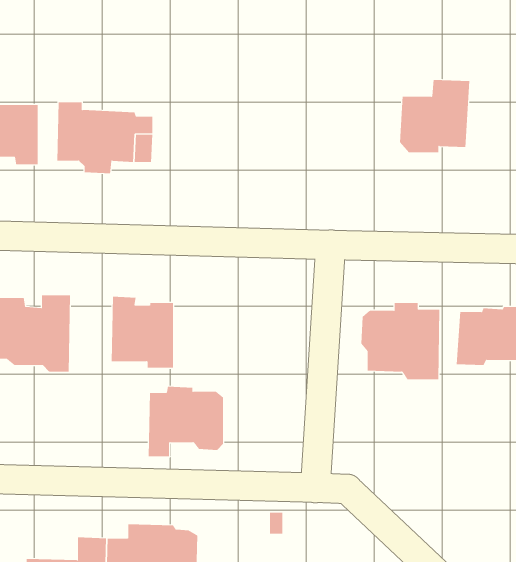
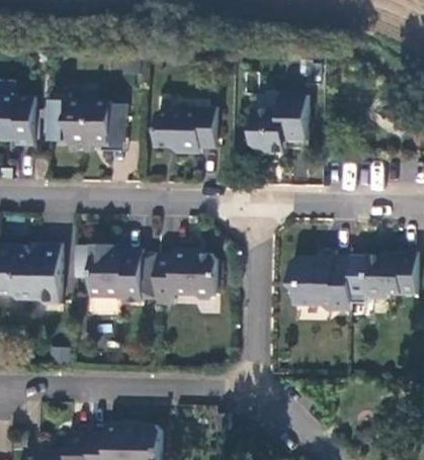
building: [399,79,470,153] -> [253,95,309,153]
building: none -> [154,107,216,154]
building: [148,386,224,457] -> [156,249,216,304]

